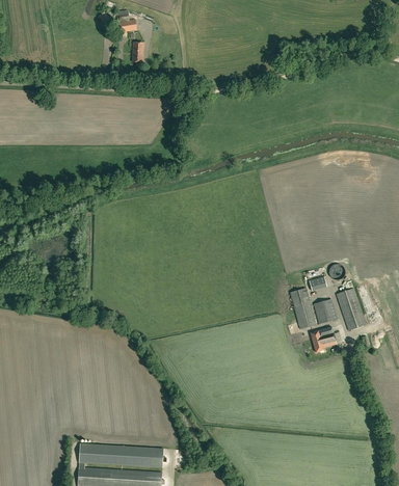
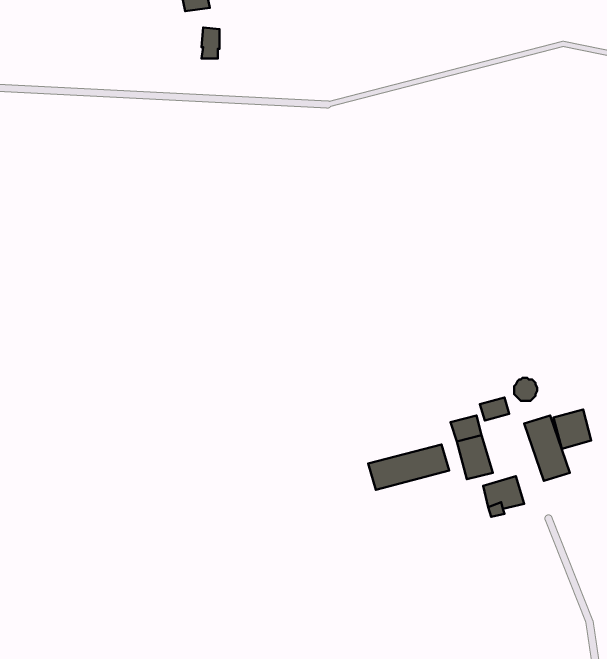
building: [314,298,338,323] -> [554,409,591,449]
building: none -> [368,444,449,490]

